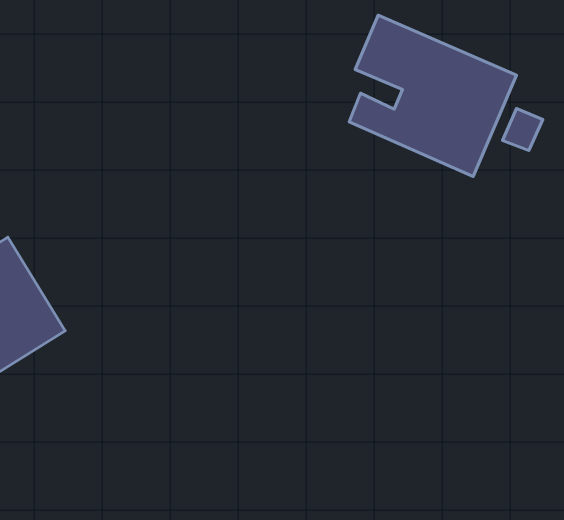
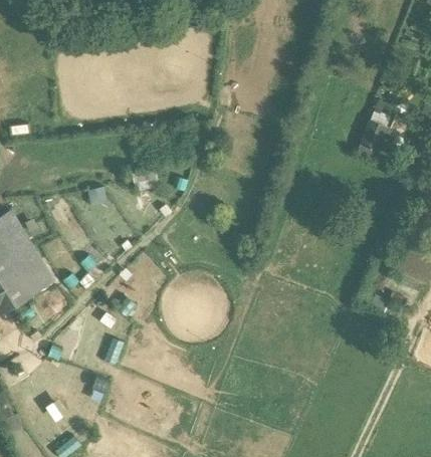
building: [349,15,516,177] -> none

